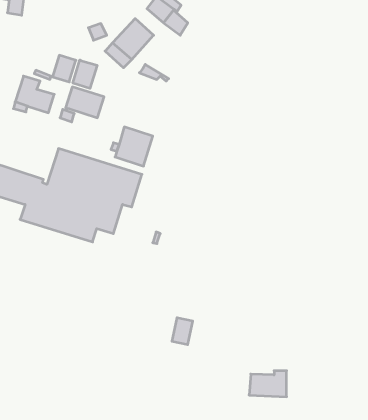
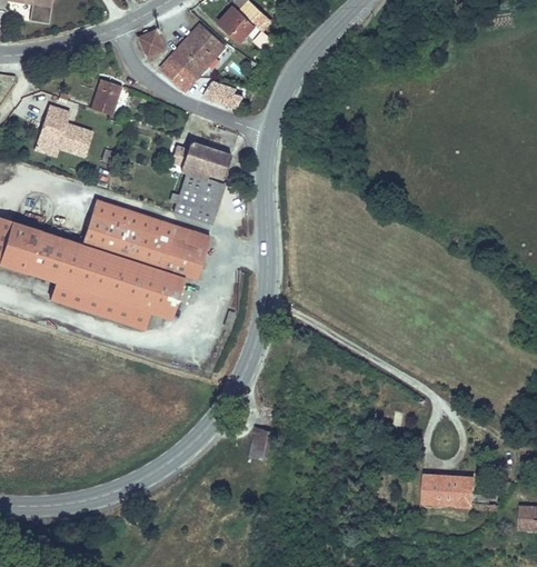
building: [73,60,97,88] -> none
building: [66,87,104,118] -> [181,143,232,185]
building: [249,371,287,397] -> [424,474,474,508]

